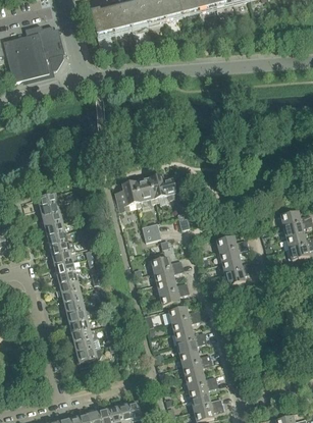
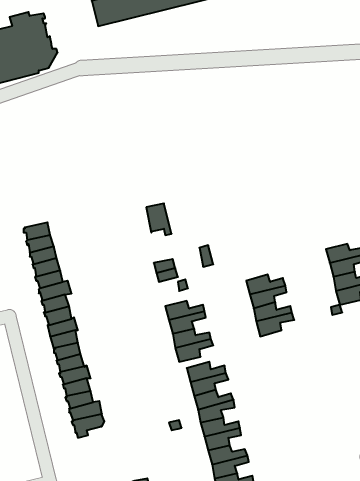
building: [150,175,176,203] -> none
building: [115,181,142,211] -> none

